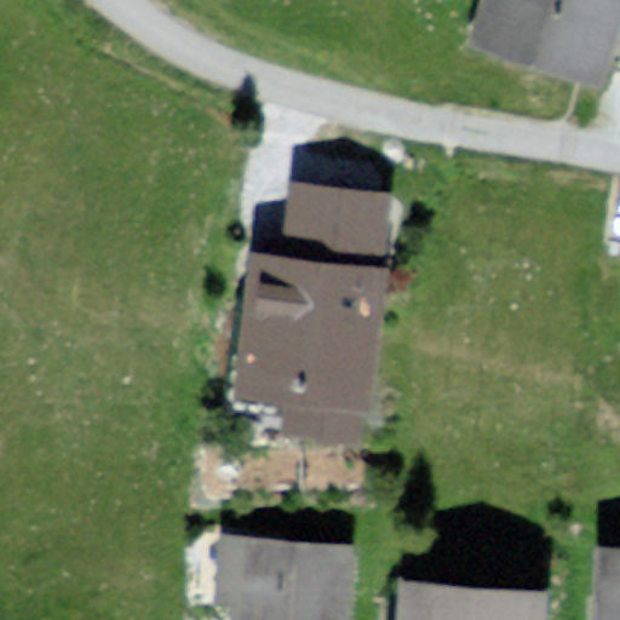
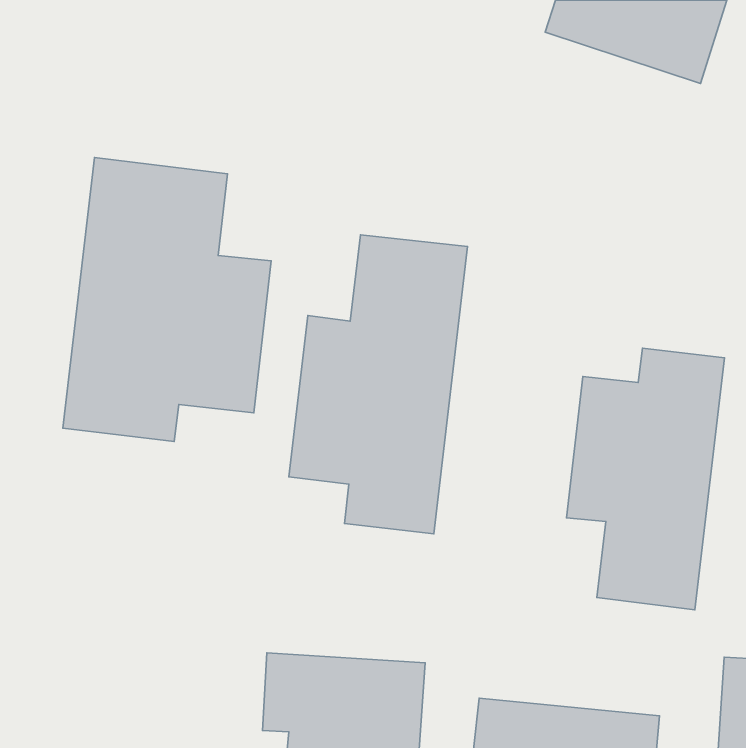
building: none -> [63,157,271,442]
building: none -> [567,348,724,610]

